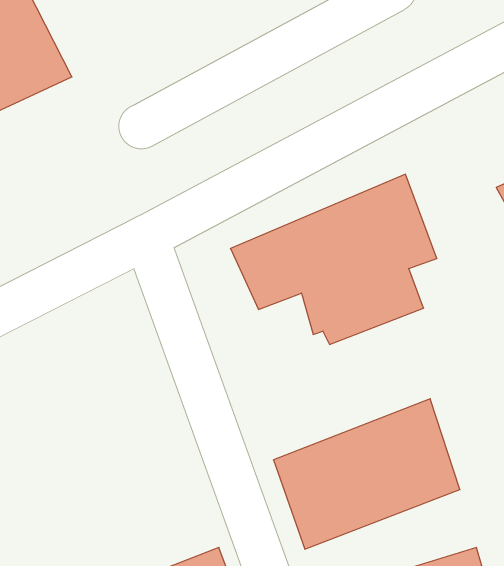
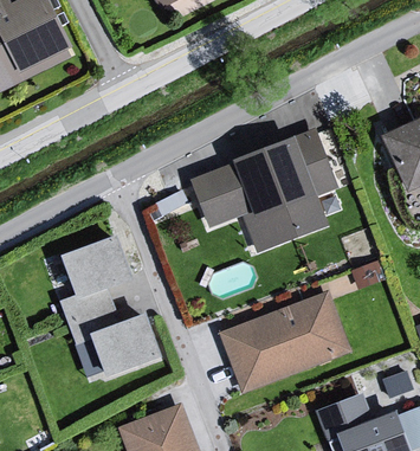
building: none -> [58,232,166,385]

